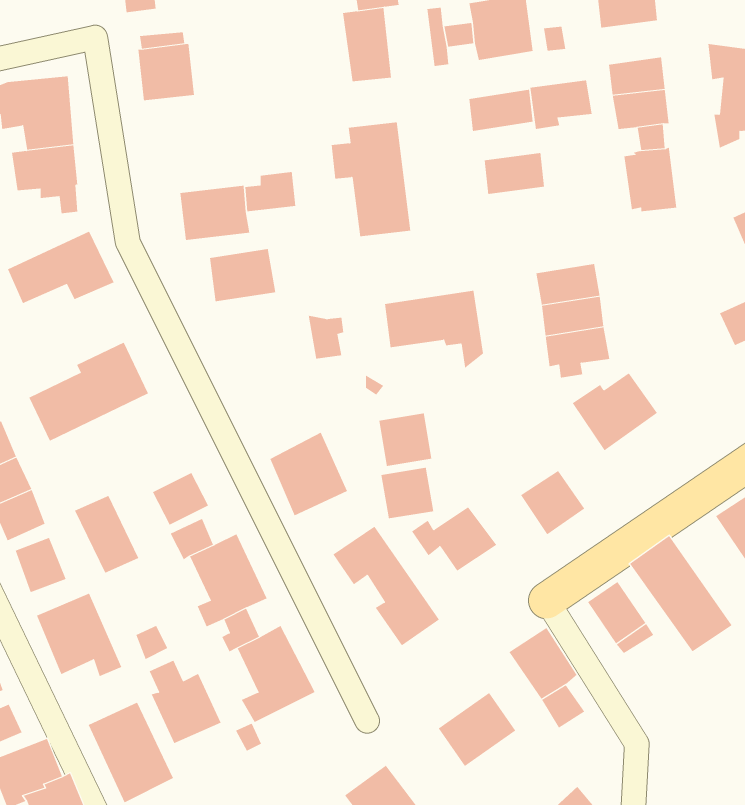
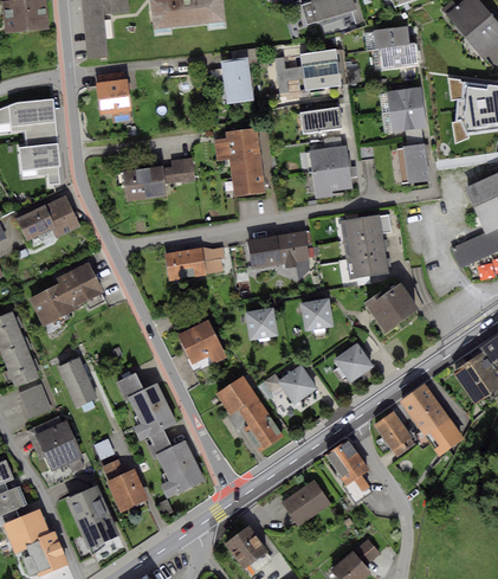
building: [529,80,593,129] -> [312,167,351,198]
building: [209,248,276,302] -> [164,246,206,279]
building: [380,467,434,519] -> [299,297,332,329]
building: [152,472,209,525] -> none

